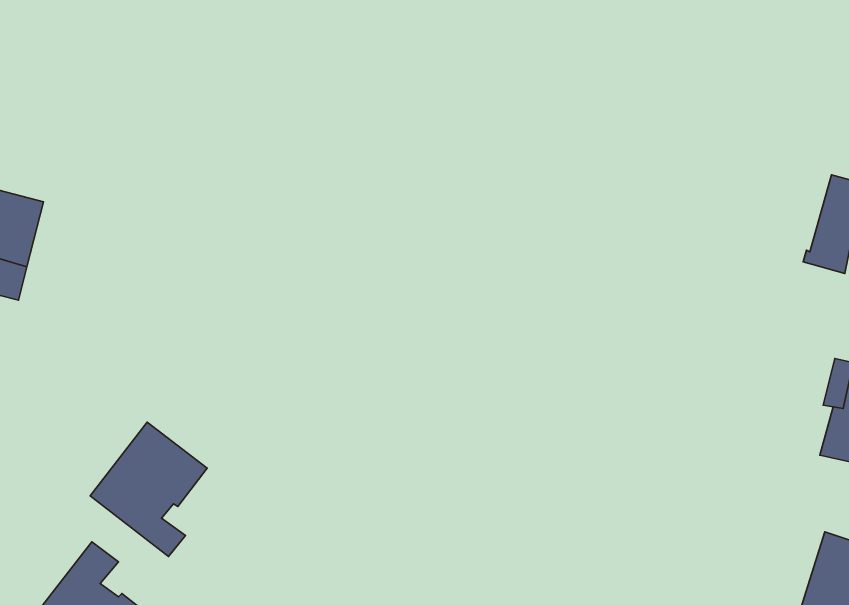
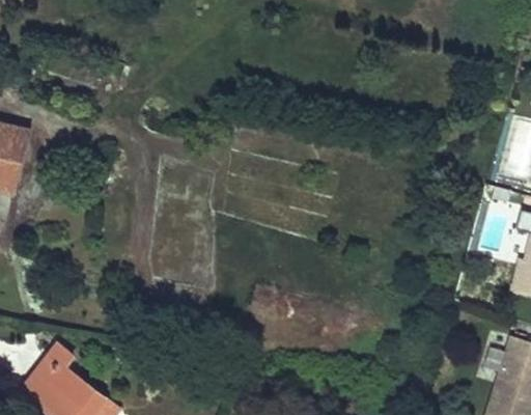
building: [90,422,207,557] -> none

